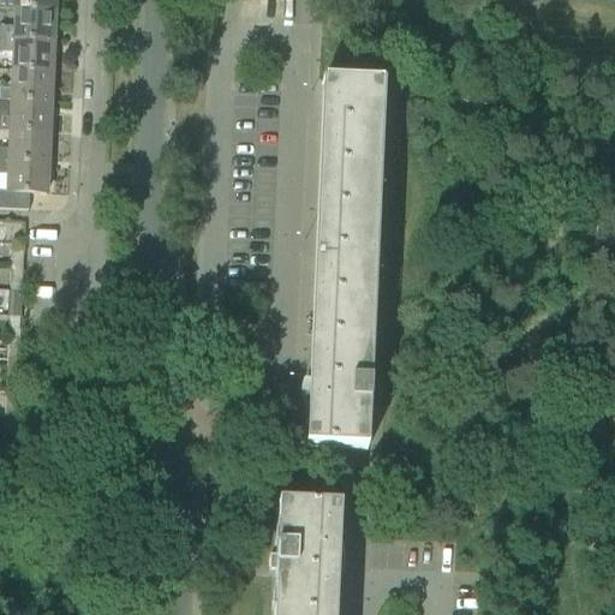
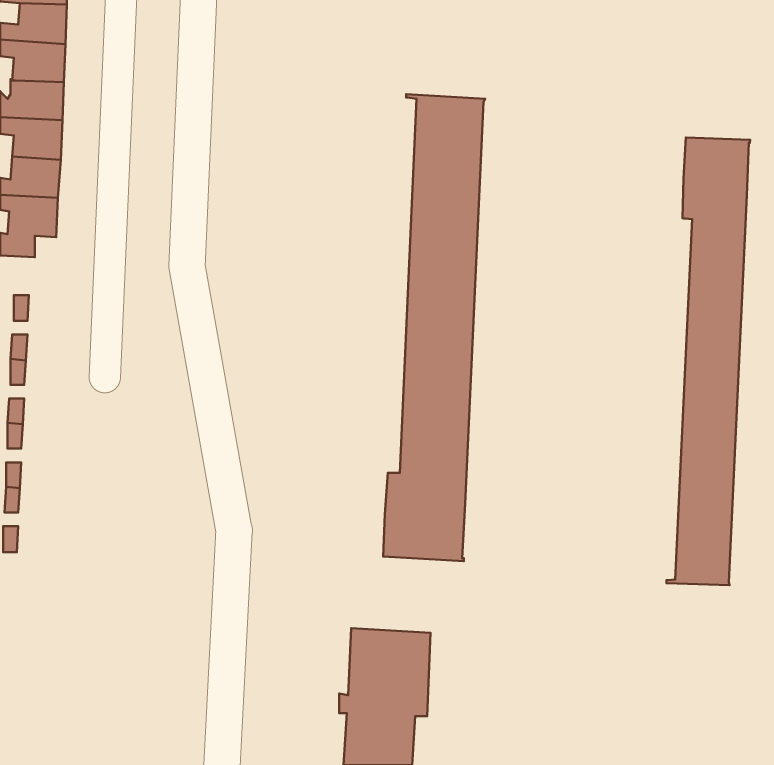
building: none -> [666,138,750,585]

